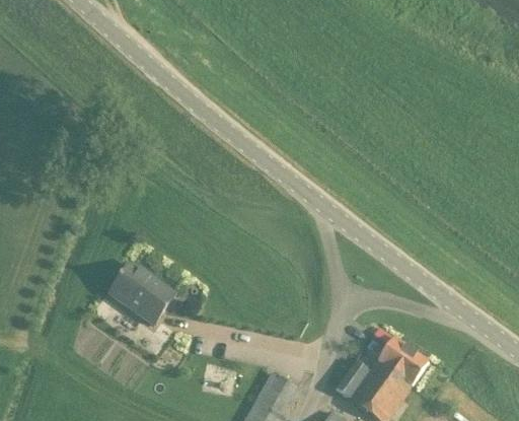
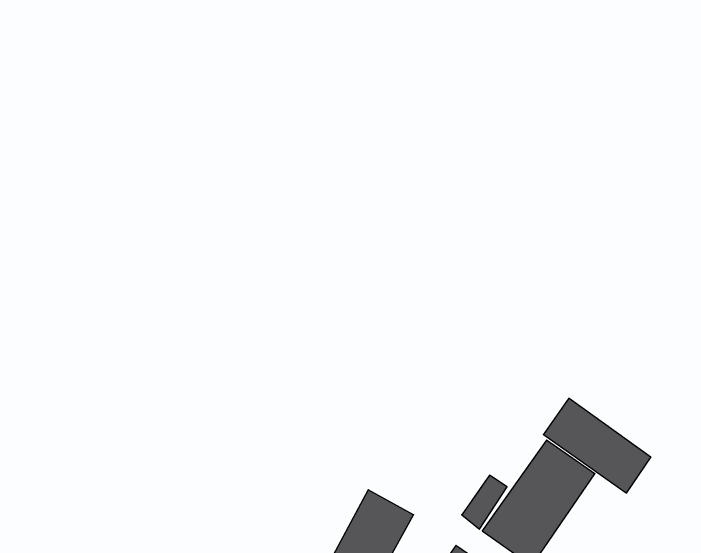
building: [109,263,174,323] -> none
building: none -> [543,398,651,493]

